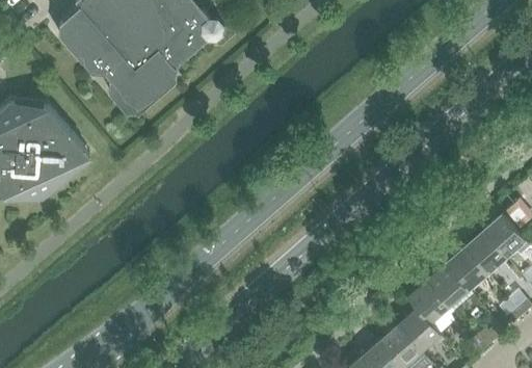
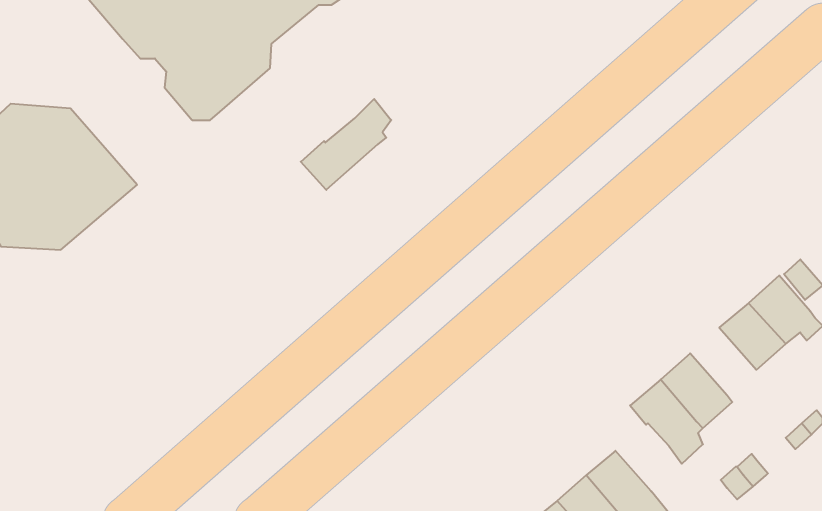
building: none -> [301,99,391,190]
building: [446,246,488,290] -> none
building: [398,308,446,351] -> none

